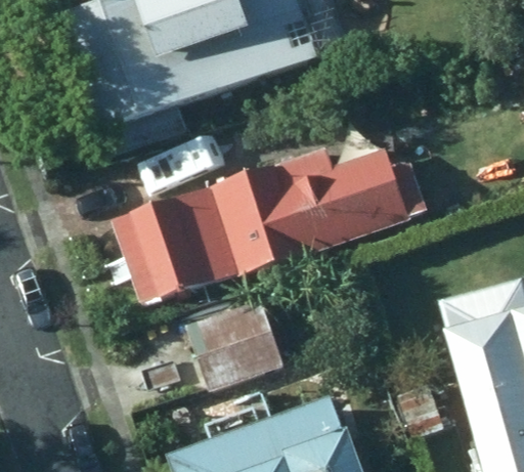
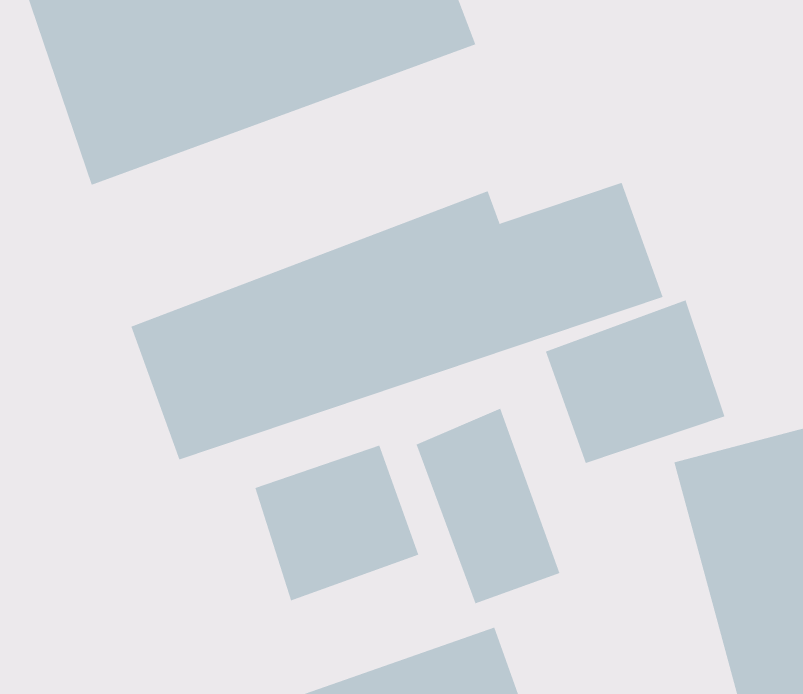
building: none -> [545,300,725,464]
building: none -> [416,408,560,604]

